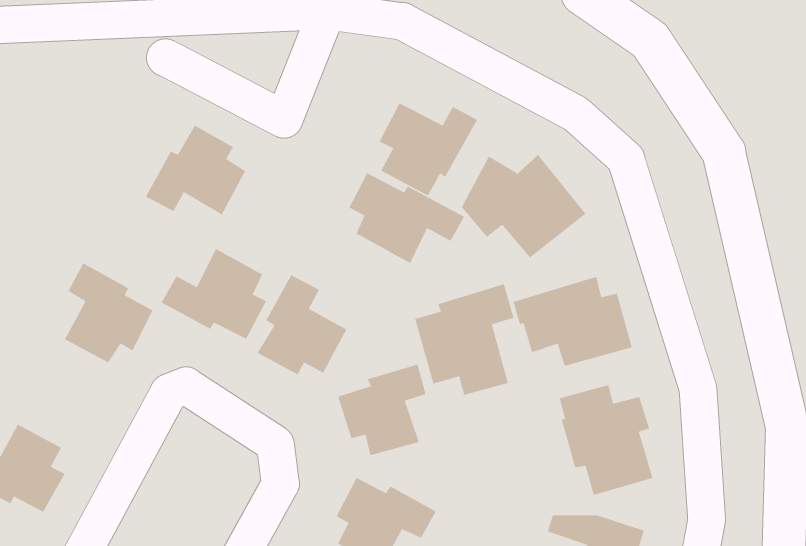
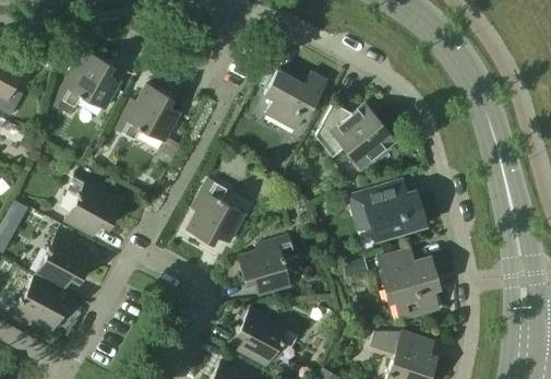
building: none -> [52,52,121,115]
building: [348,172,465,264] -> none
building: [160,248,267,340] -> none
building: [414,283,515,396] -> none
building: none -> [35,233,92,289]

